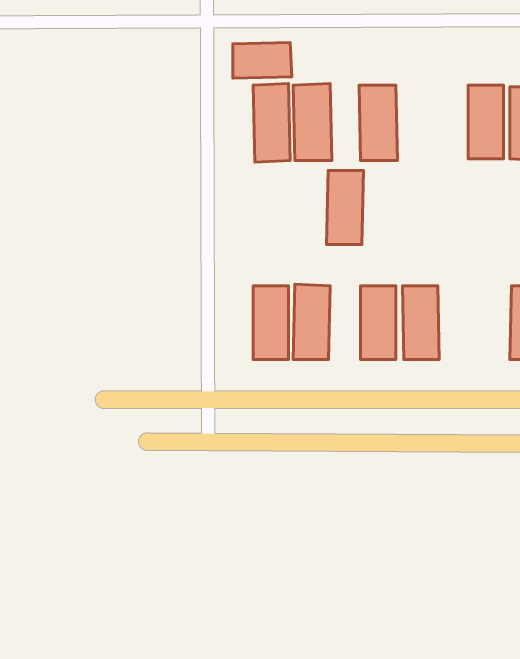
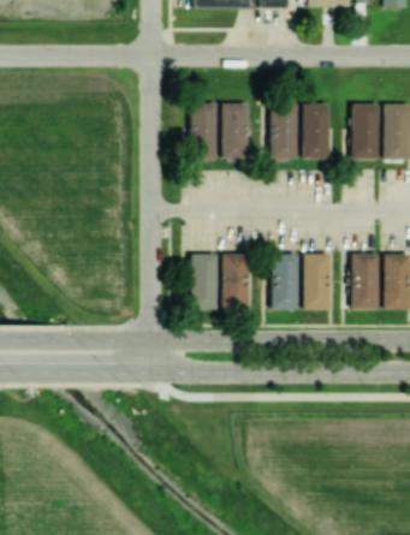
building: [233,43,292,78] -> none
building: [327,171,364,244] -> [303,103,331,159]
building: none -> [352,252,379,309]

